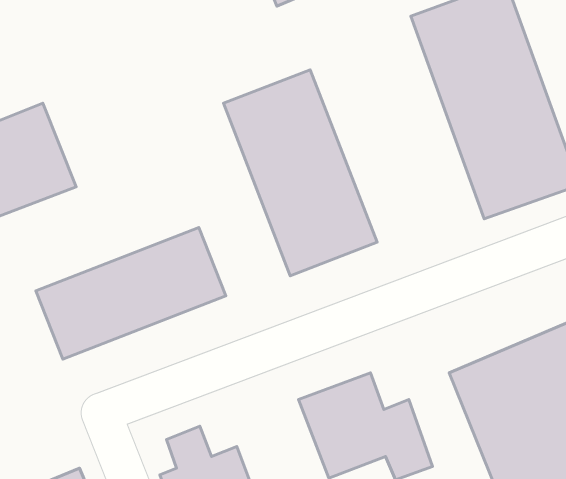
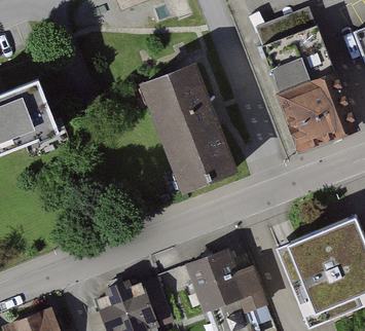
building: [36,227,226,359] -> none

